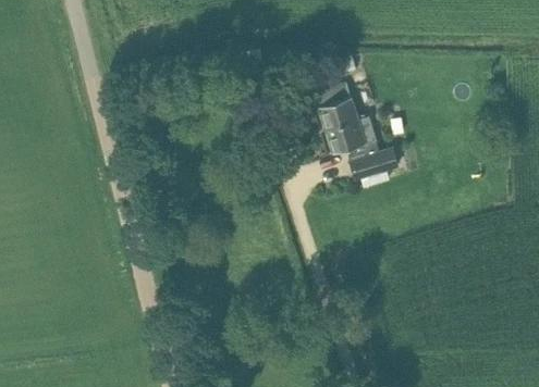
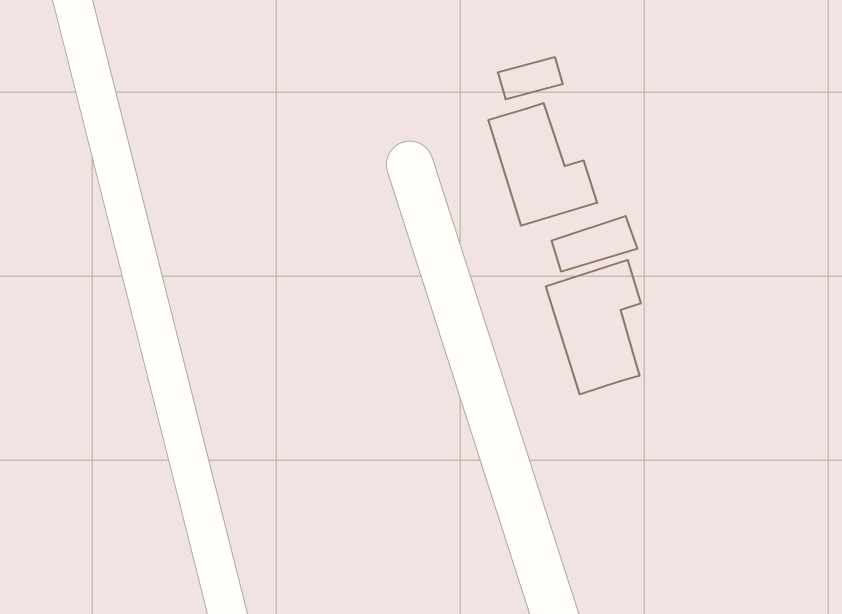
building: none -> [546,260,641,394]

